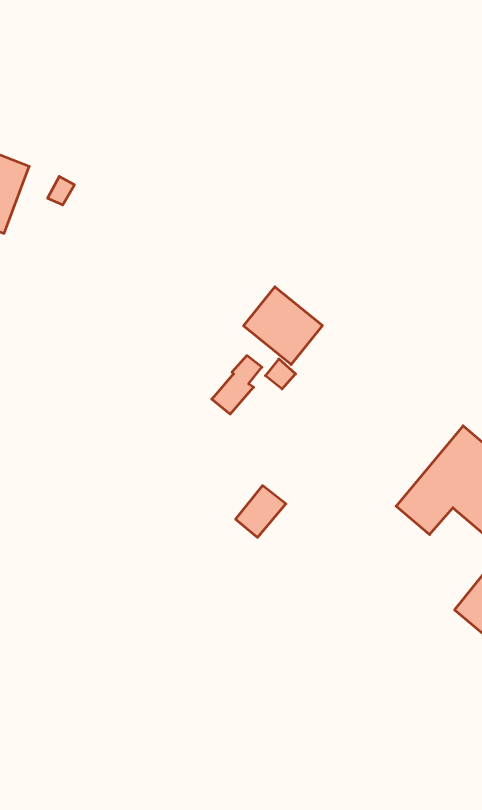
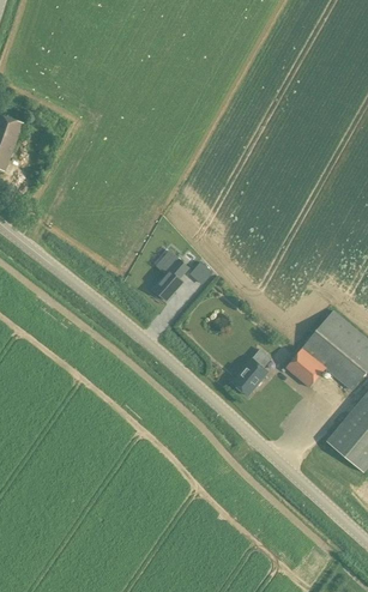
building: [244,287,322,365] -> none
building: [236,486,286,537] -> [233,358,269,395]

